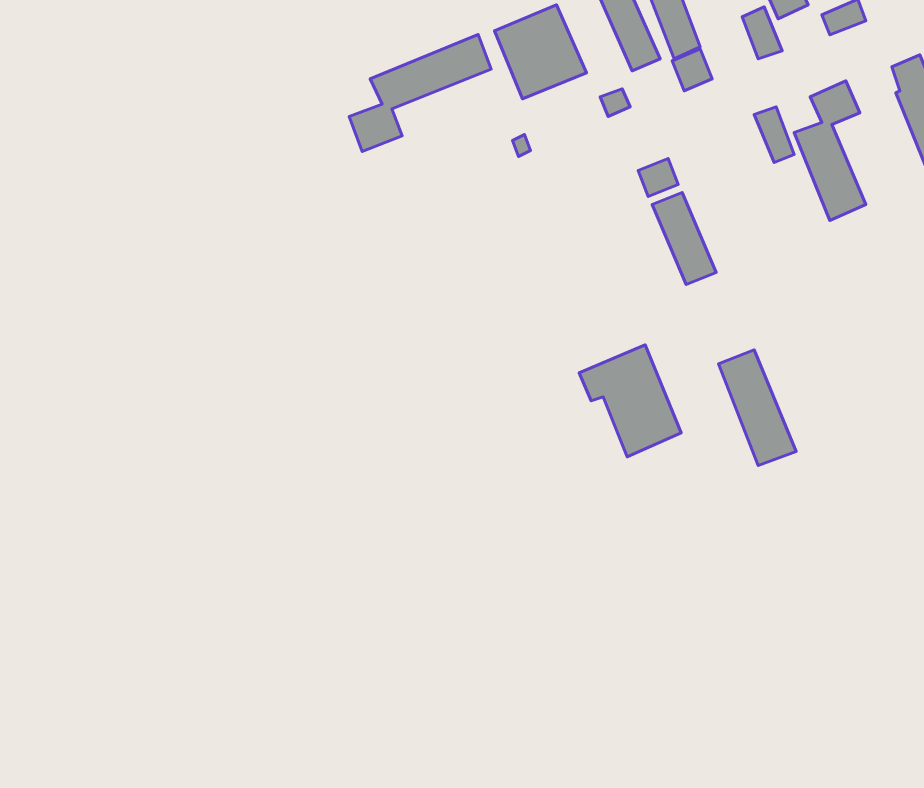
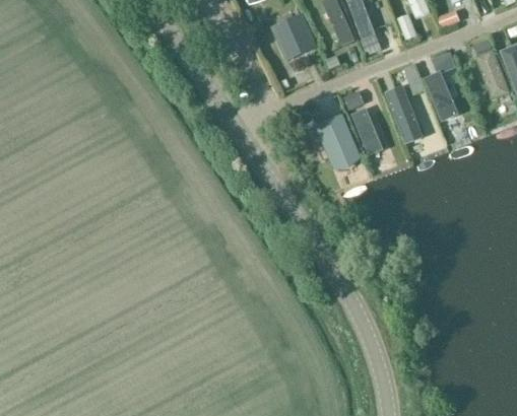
building: [349,34,491,151] -> none
building: [579,345,681,457] -> [309,113,361,169]
building: [718,350,796,466] -> [384,84,424,143]

